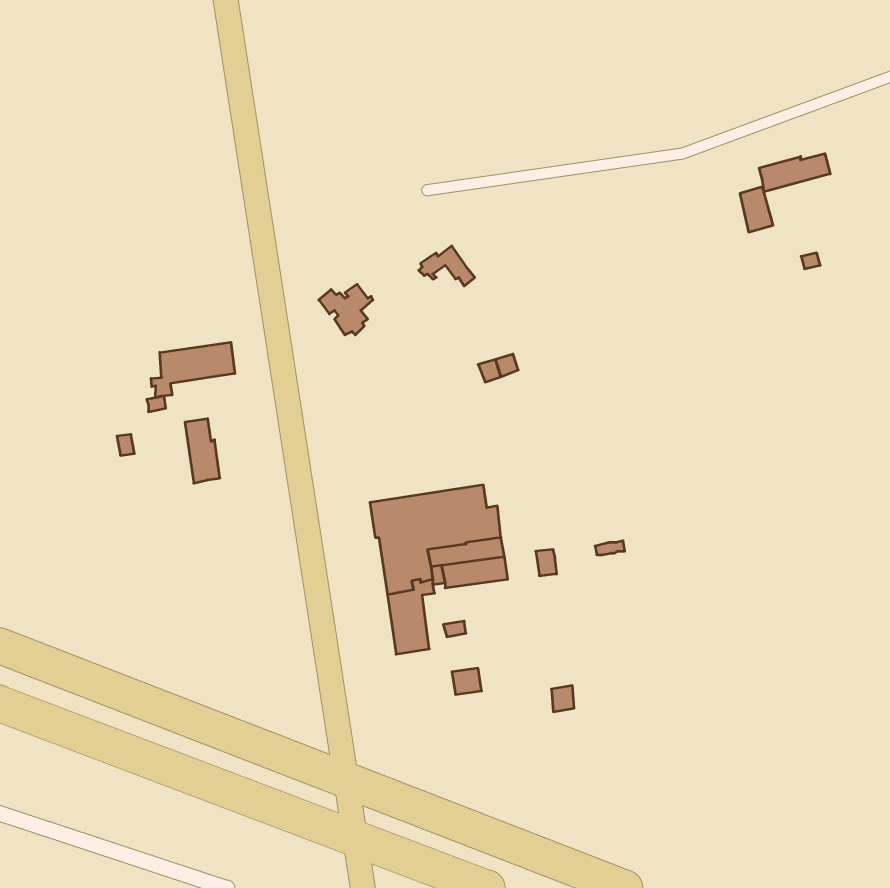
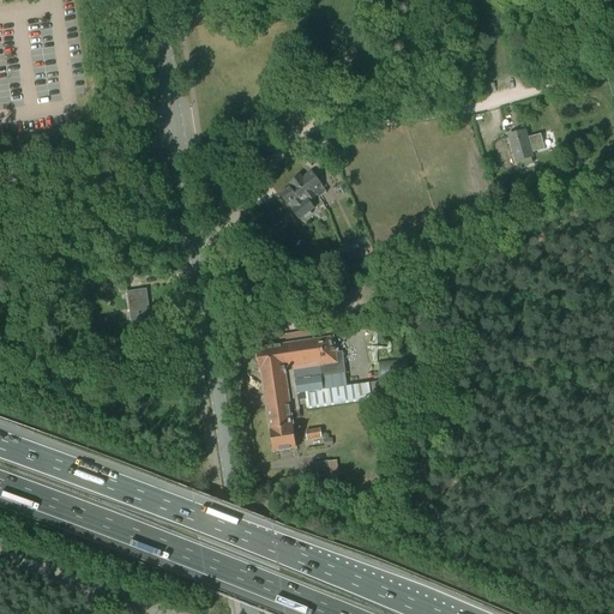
building: [759,154,830,192] -> none
building: [319,284,373,335] -> [279,182,317,217]
building: [151,342,235,398] -> none

